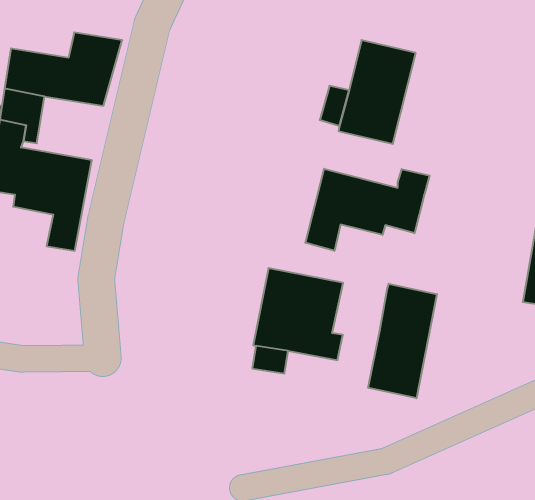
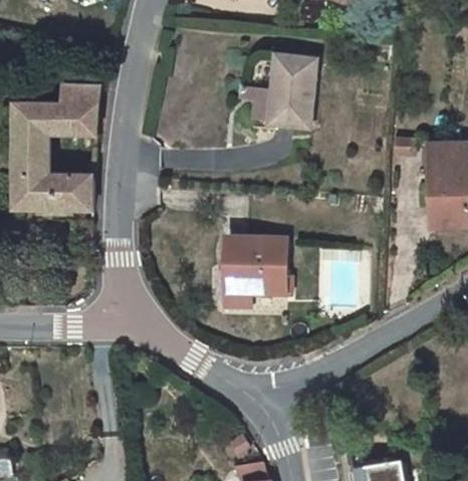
building: [305,169,430,251] -> none
building: [368,284,437,398] -> none

